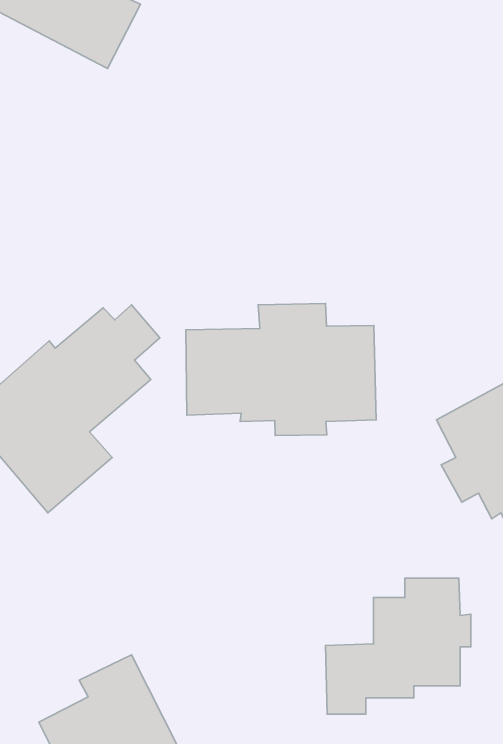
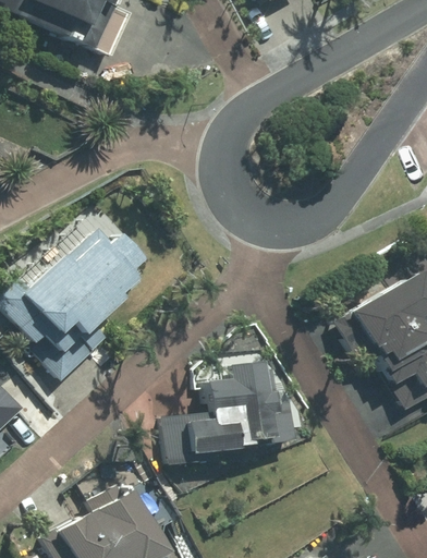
building: [186,303,376,435] -> none
building: [326,578,471,714] -> [168,364,273,463]

